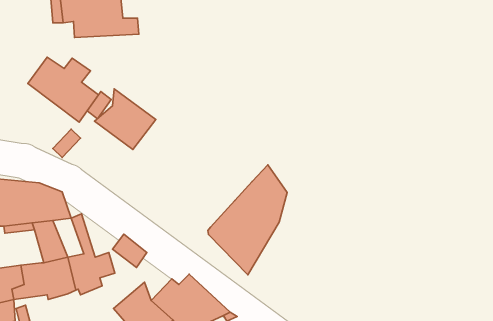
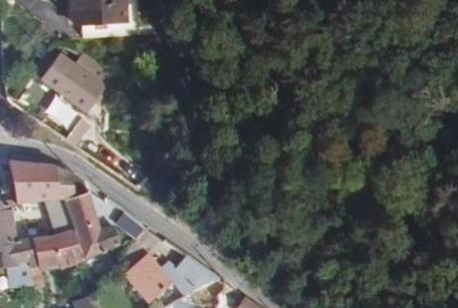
building: [95,89,156,149] -> none
building: [208,165,287,275] -> none

